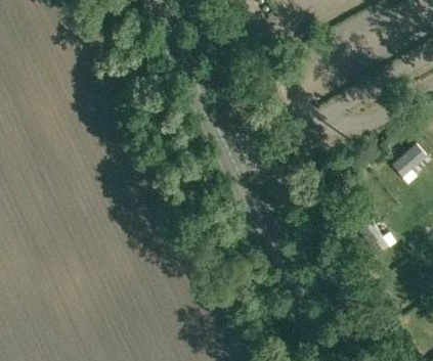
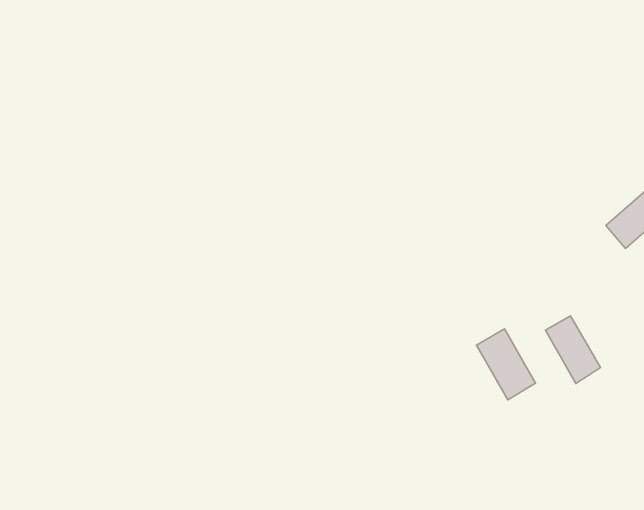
building: none -> [477,329,536,400]

